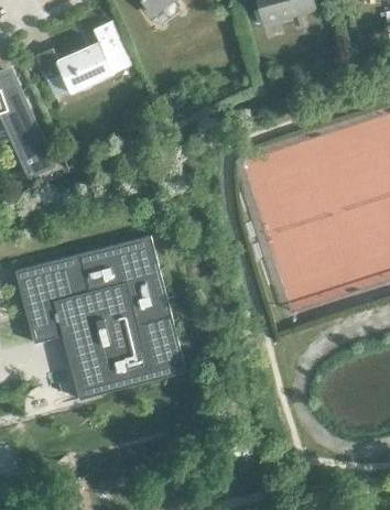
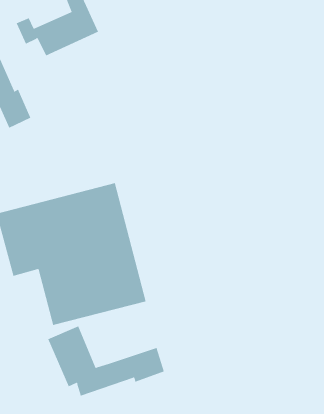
building: none -> [48,325,164,396]

